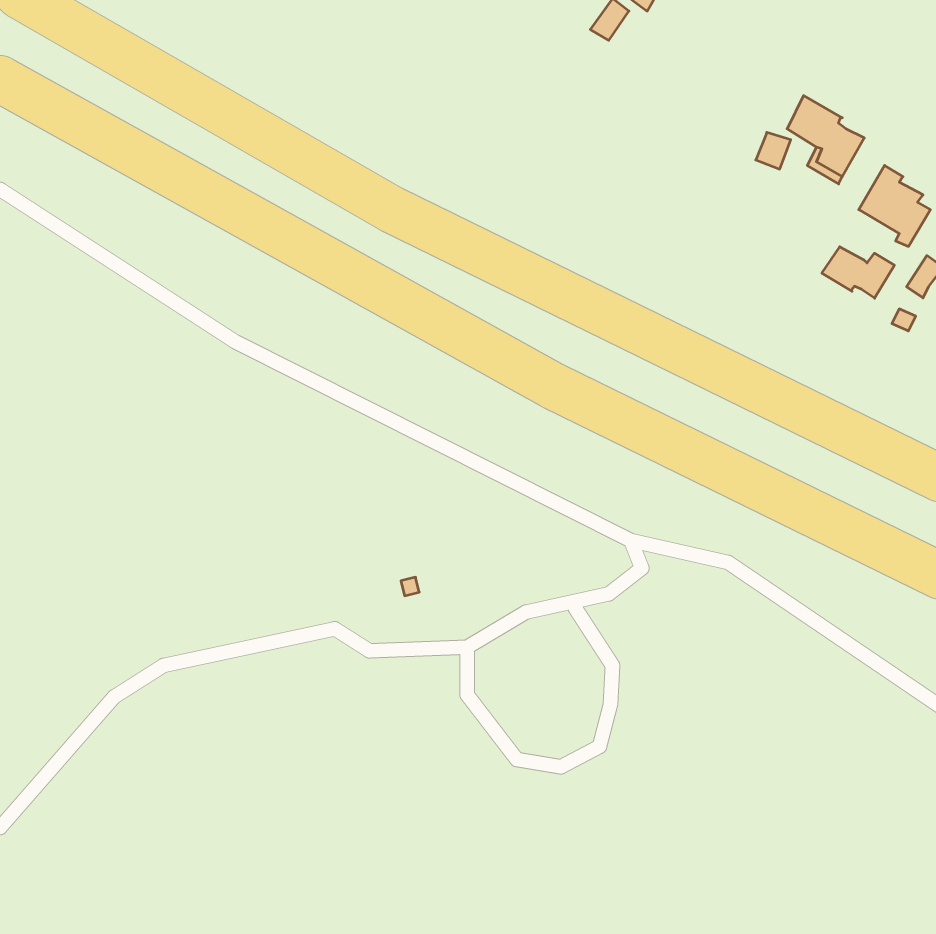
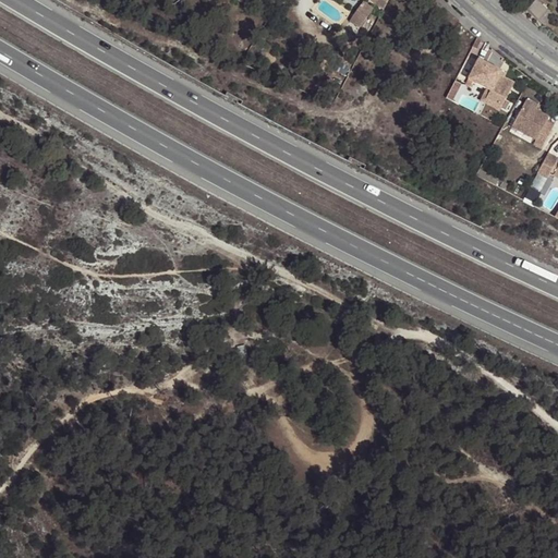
building: [822,247,894,298] -> none

